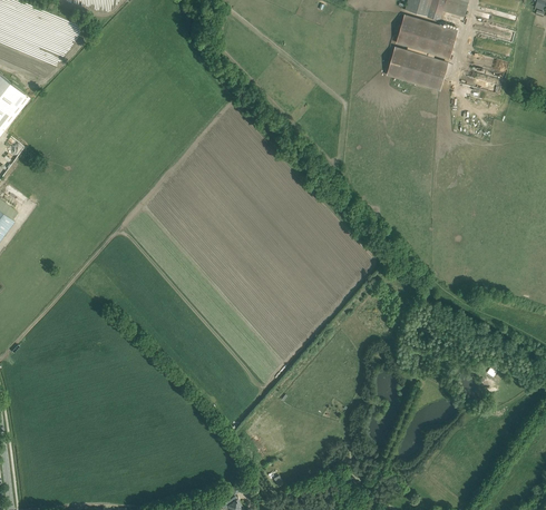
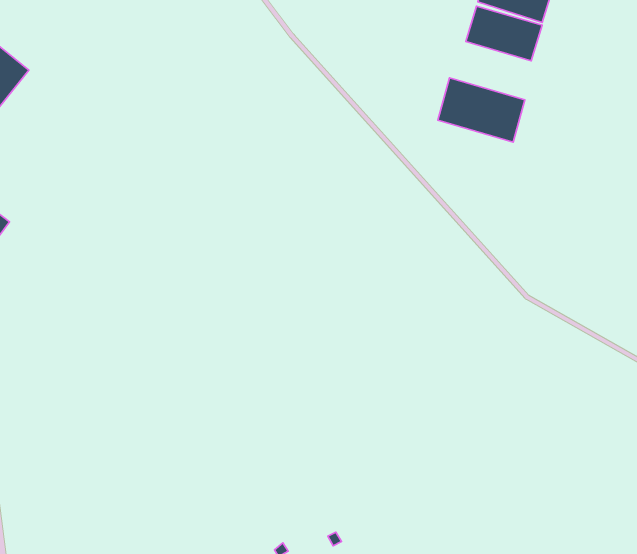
building: none -> [438,78,525,142]

